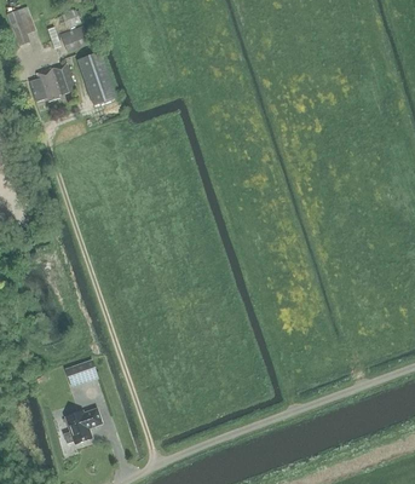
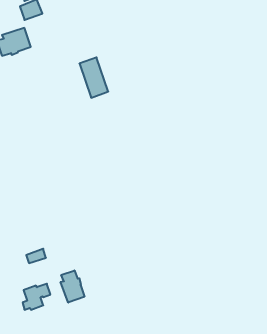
building: [76,51,115,105] -> [79,57,108,98]
building: none -> [61,270,84,303]

